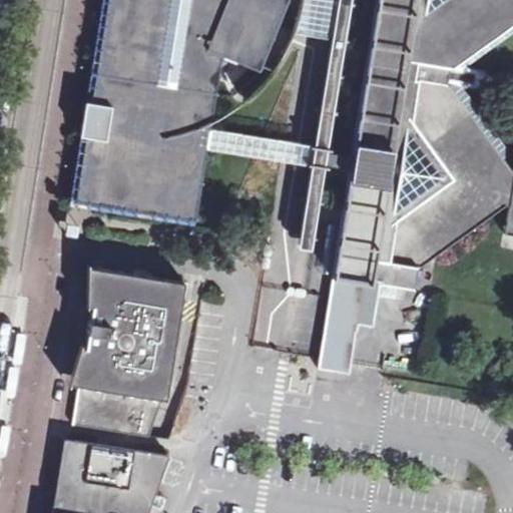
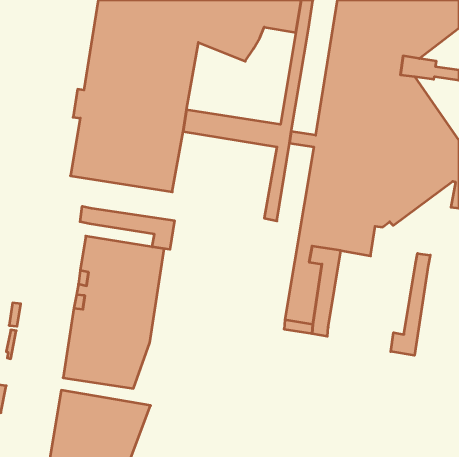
building: none -> [80,206,174,249]
building: none -> [391,253,430,355]

